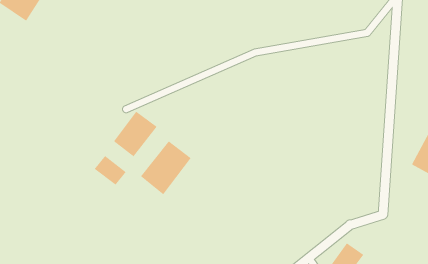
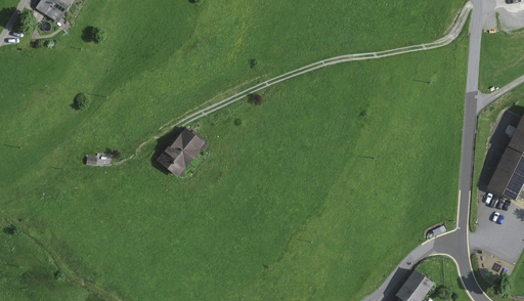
building: [140,140,192,195] -> none
building: [94,155,126,186] -> none

